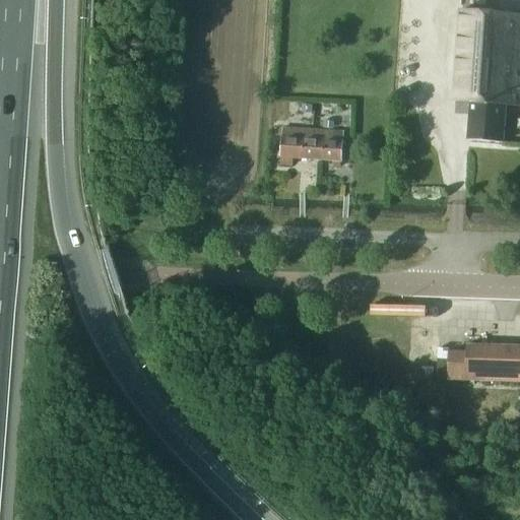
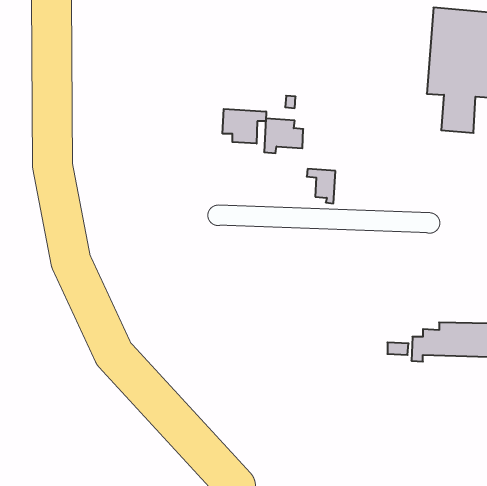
building: none -> [223,109,266,144]
building: [314,128,344,165] -> [307,169,335,203]

